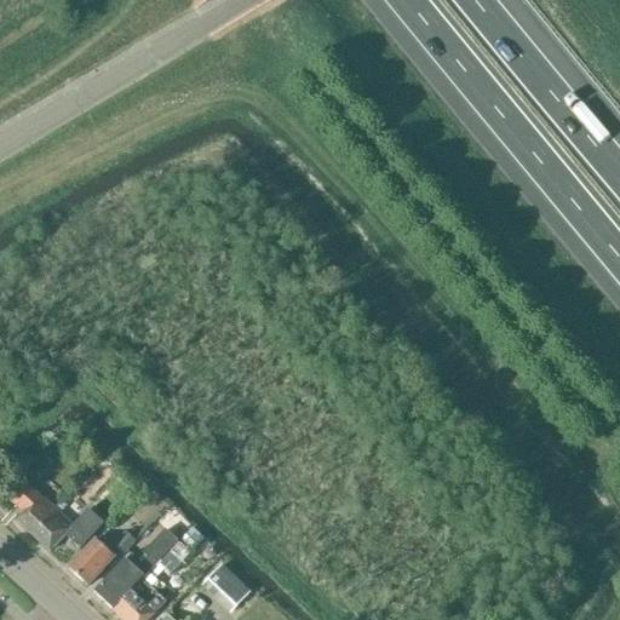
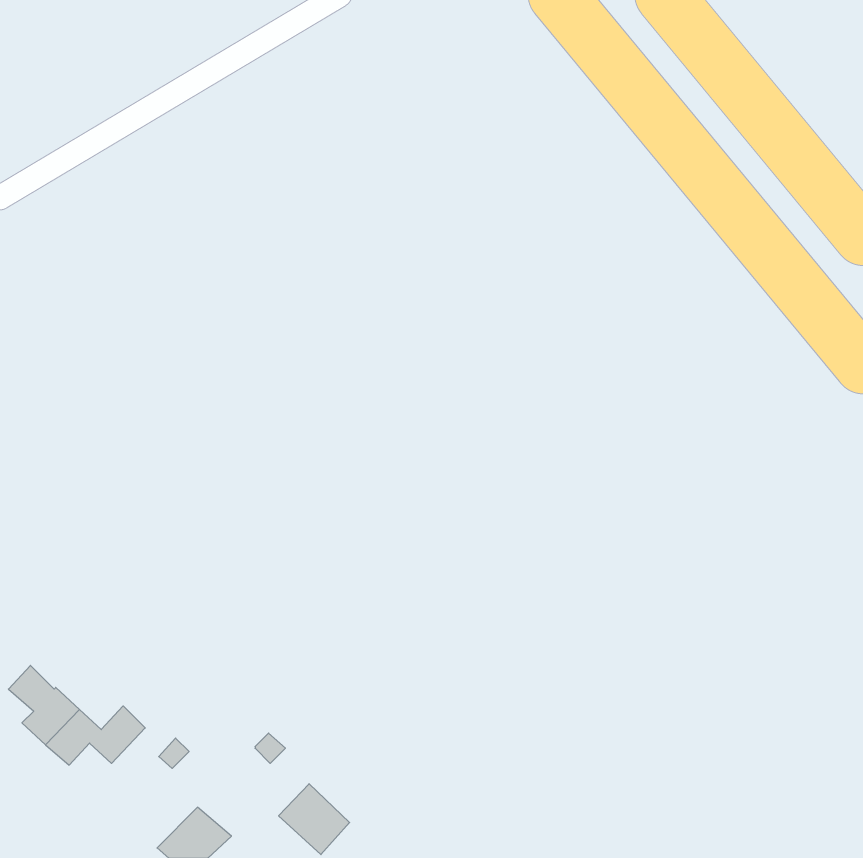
building: [94,529,179,608] -> none
building: [69,538,116,584] -> none

